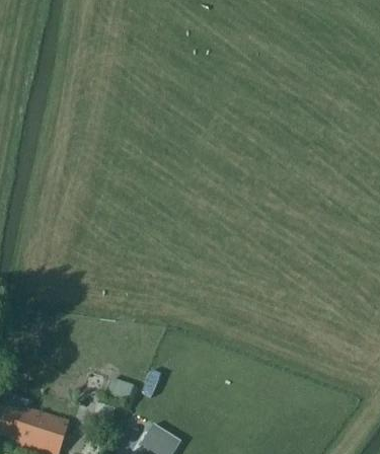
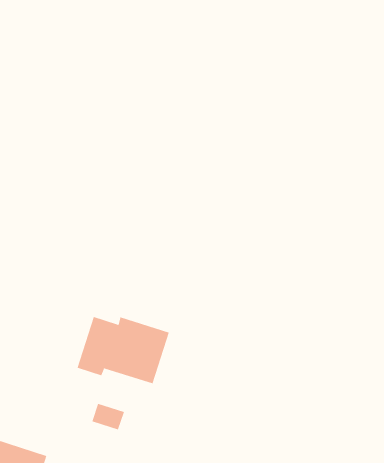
building: none -> [77,316,170,384]

